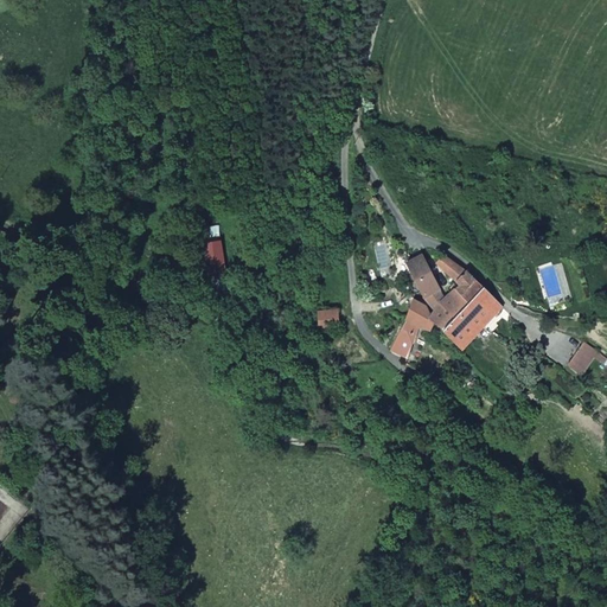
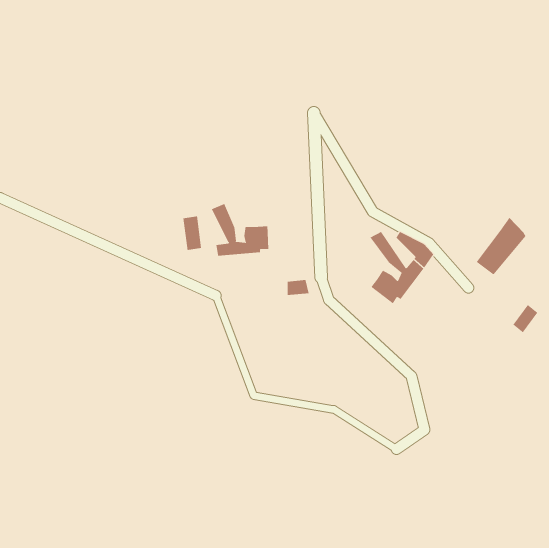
building: none -> [211,203,269,256]
building: [442,282,498,346] -> [476,217,526,275]
building: [391,318,424,354] -> none

